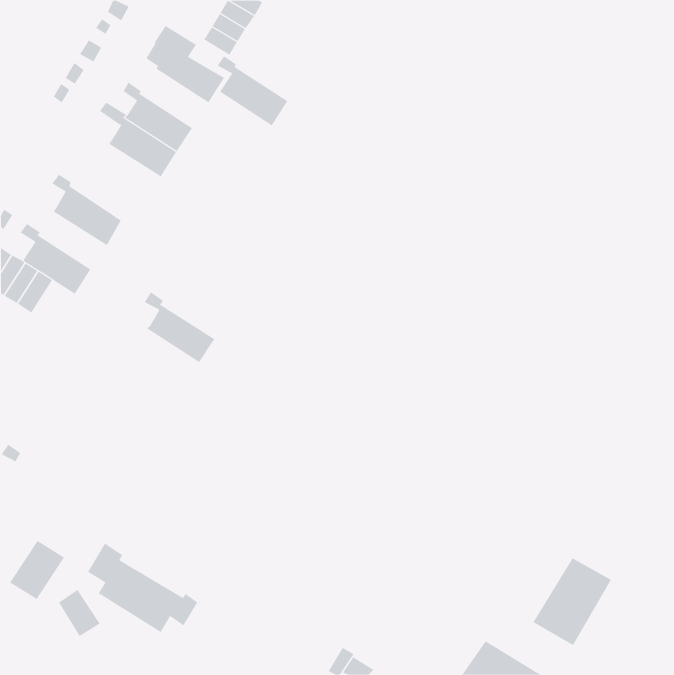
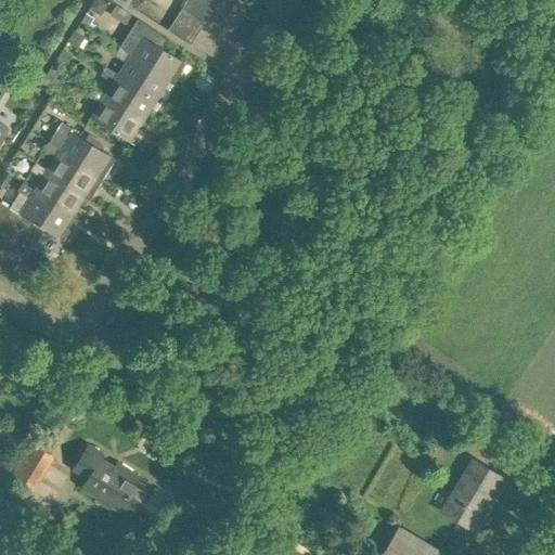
building: [217,56,288,126] -> [114,48,172,105]
building: none -> [50,122,115,181]
building: [144,291,215,363] -> [30,163,89,221]

